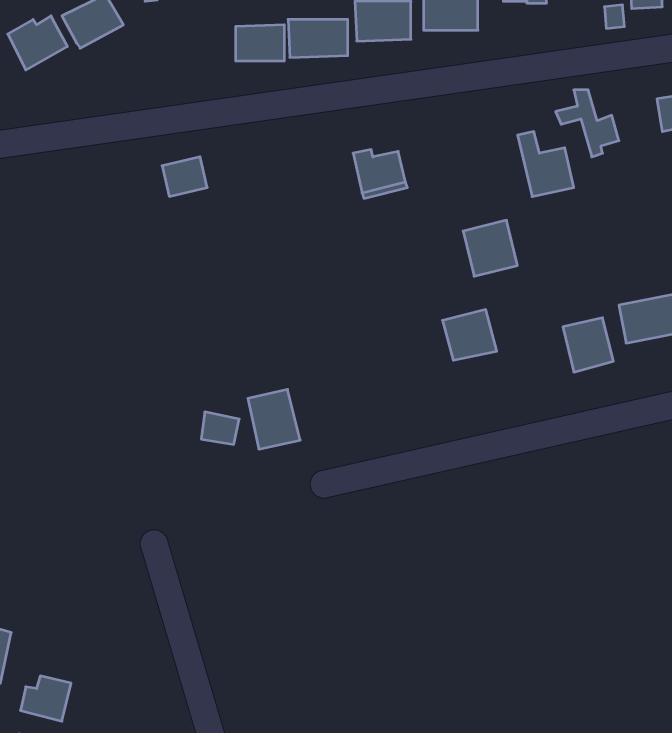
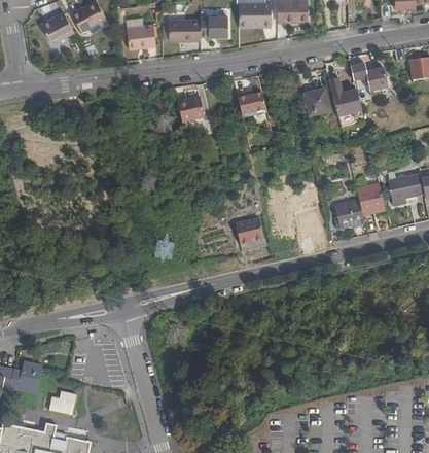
building: none -> [126,26,157,46]
building: [162,157,207,196] -> [177,97,203,119]
building: [463,220,517,276] -> [296,85,327,117]
building: [442,310,497,360] -> [332,200,363,229]
building: [248,389,300,449] -> [235,218,264,252]

